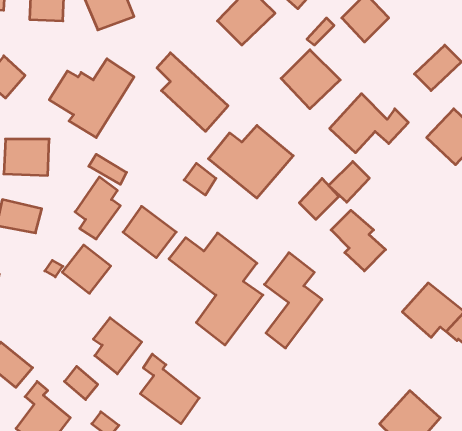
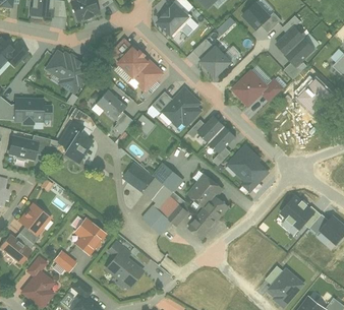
building: none -> [276,20,307,52]
building: [329,161,369,202] -> [199,112,227,139]
building: [123,206,176,258] -> [96,89,131,124]
building: [62,245,111,293] -> [18,202,51,235]

